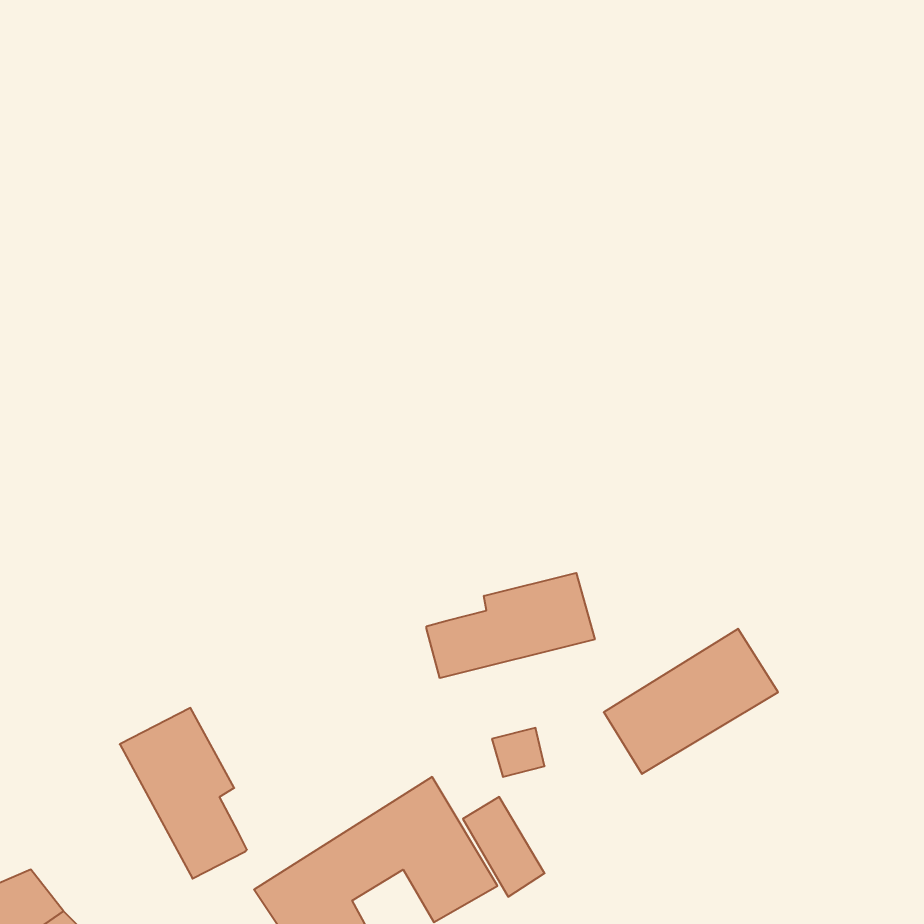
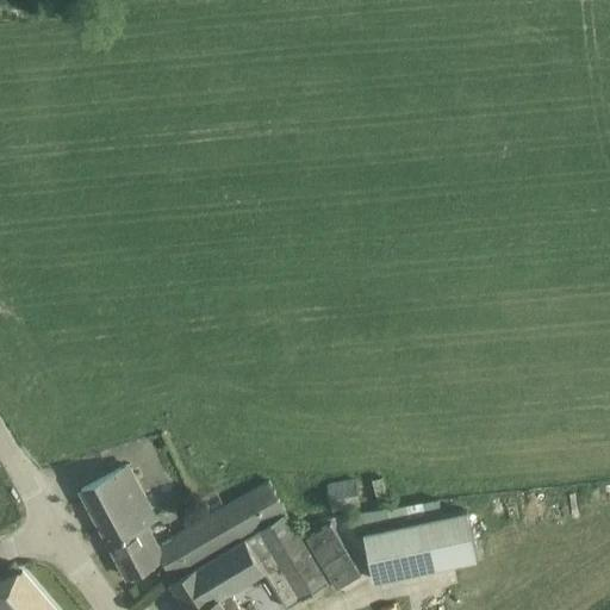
building: [426,573,595,678] -> none
building: [604,629,778,774] -> [376,498,491,593]
building: none -> [156,481,282,580]

